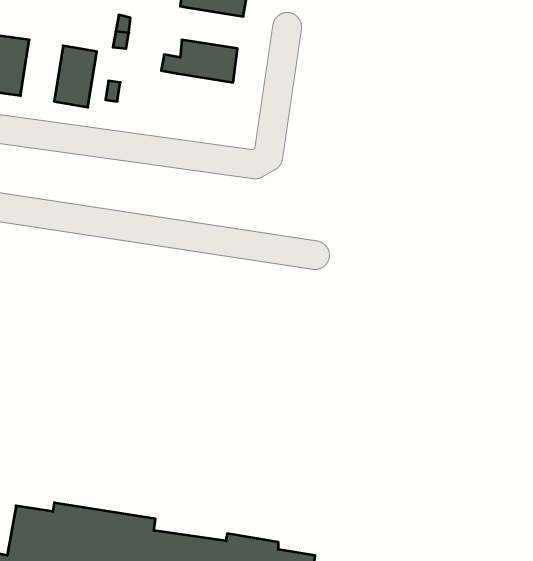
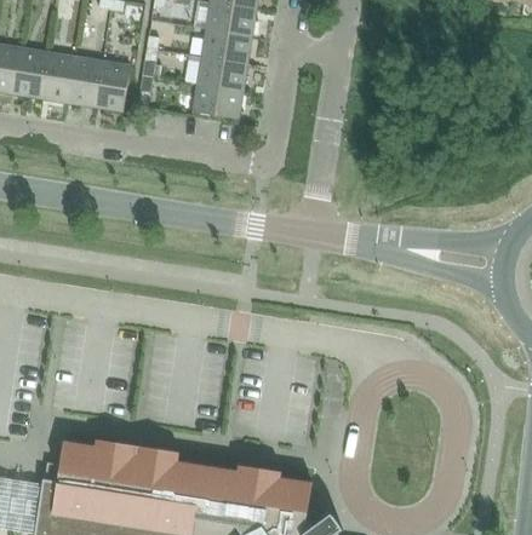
building: none -> [201,30,252,64]
building: none -> [68,57,103,108]
building: none -> [193,85,244,120]

